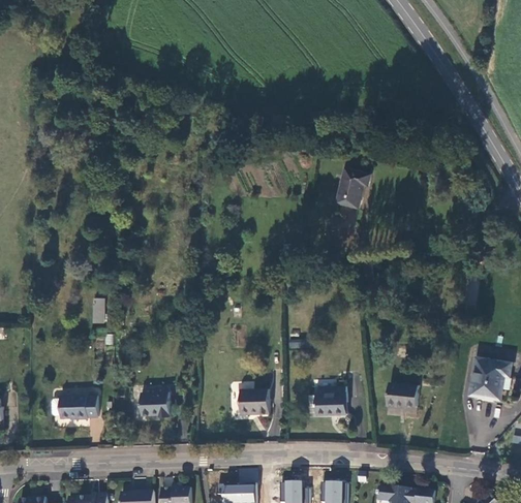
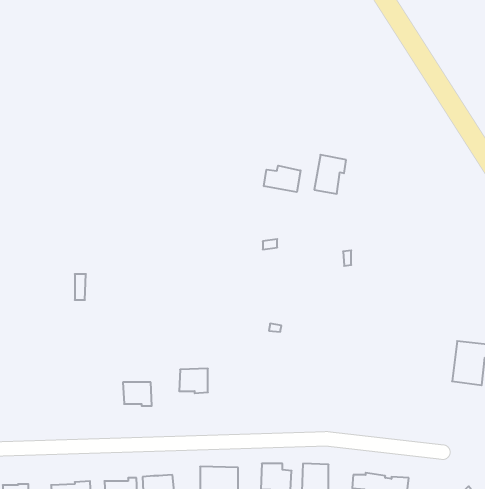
building: none -> [264,166,301,192]
building: [386,384,418,408] -> none
building: [242,392,271,417] -> [179,369,208,393]
building: [317,392,348,419] -> none
building: [51,396,96,419] -> none

